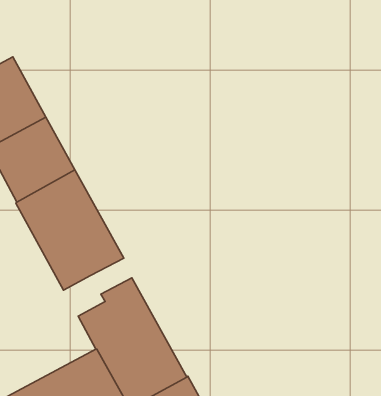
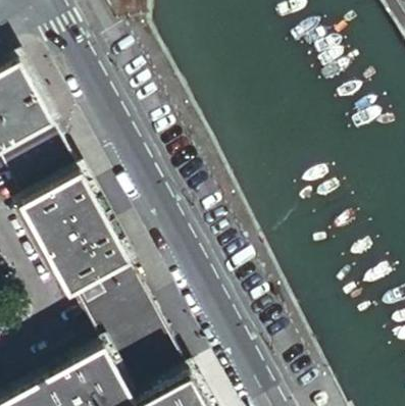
building: none -> [69,268,138,318]

